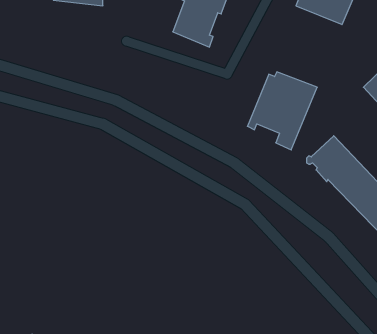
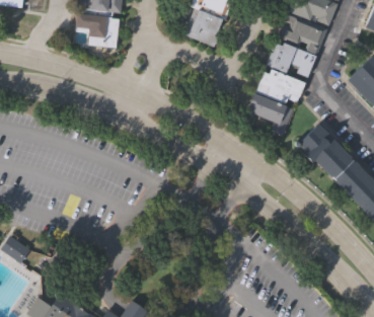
building: none -> [76,11,120,46]
building: none -> [267,12,326,76]

